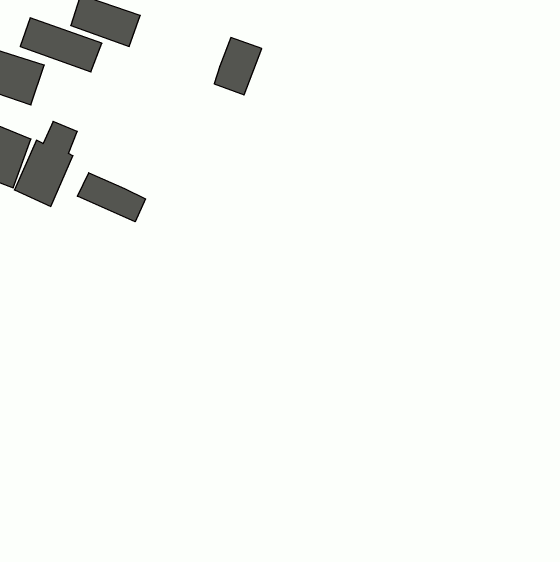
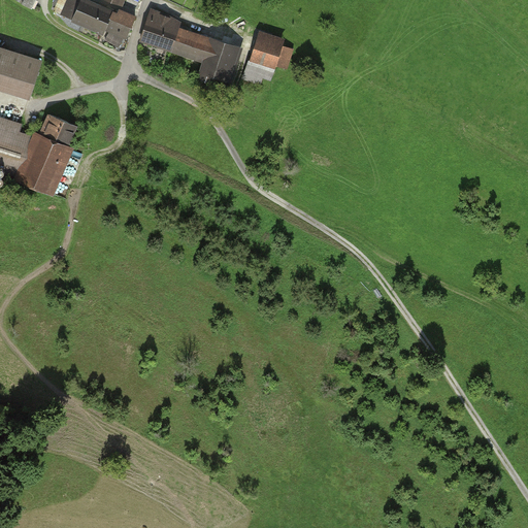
building: [20,18,102,72] -> [139,11,216,62]
building: none -> [242,32,286,86]
building: [77,173,146,222] -> none

